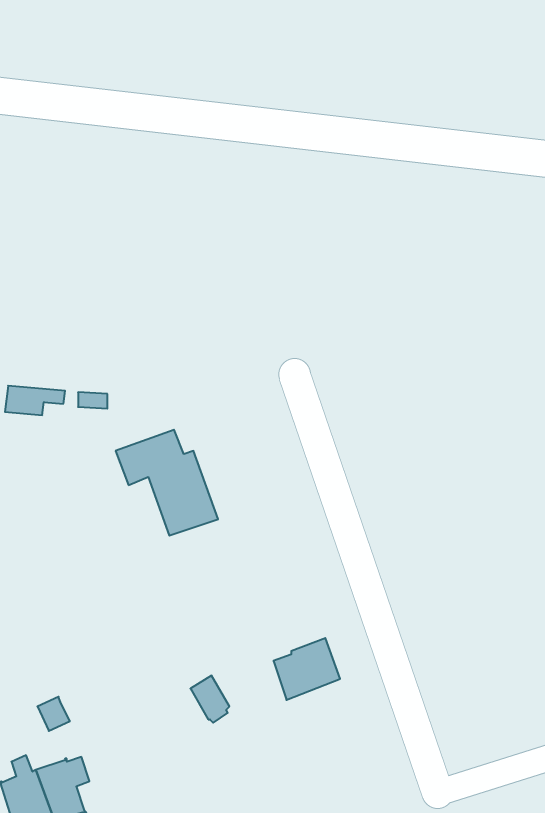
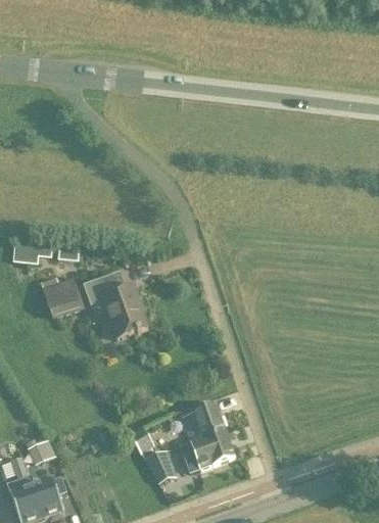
building: none -> [44,279,82,317]
building: none -> [180,428,234,472]
building: none -> [144,449,176,483]

